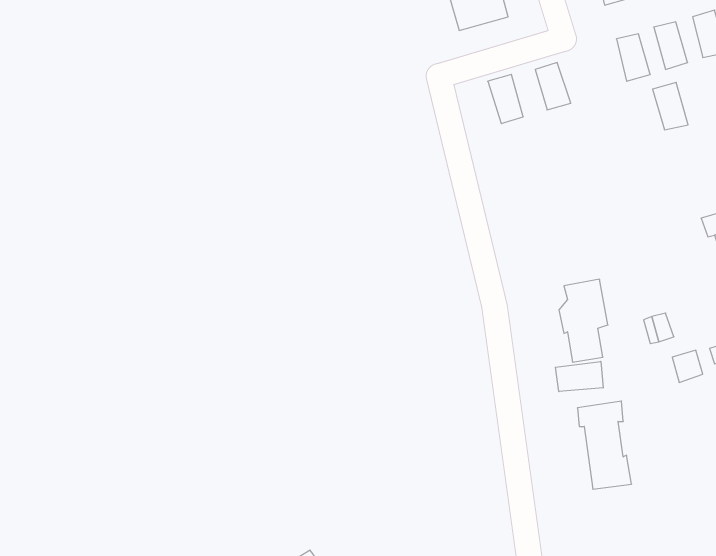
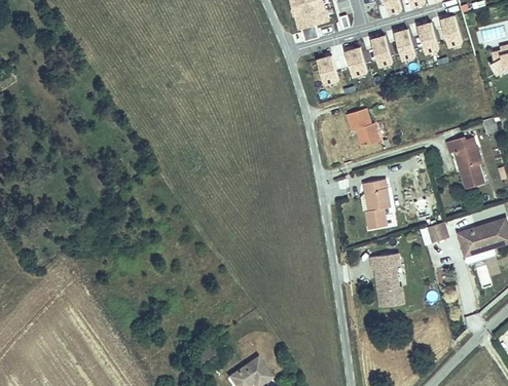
building: [653,82,688,130] -> [371,36,393,65]
building: none -> [347,108,379,147]
building: [555,361,603,392] -> none

